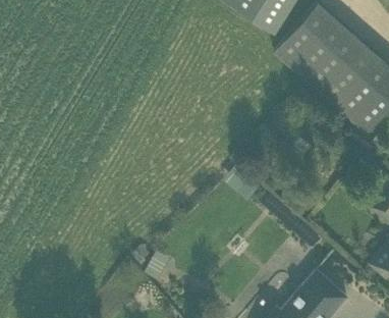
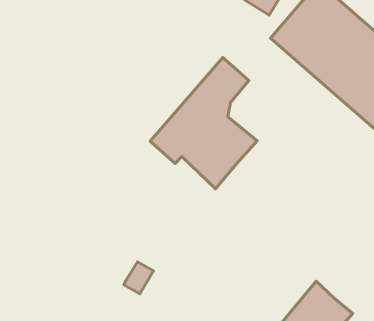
building: none -> [150,57,257,189]

